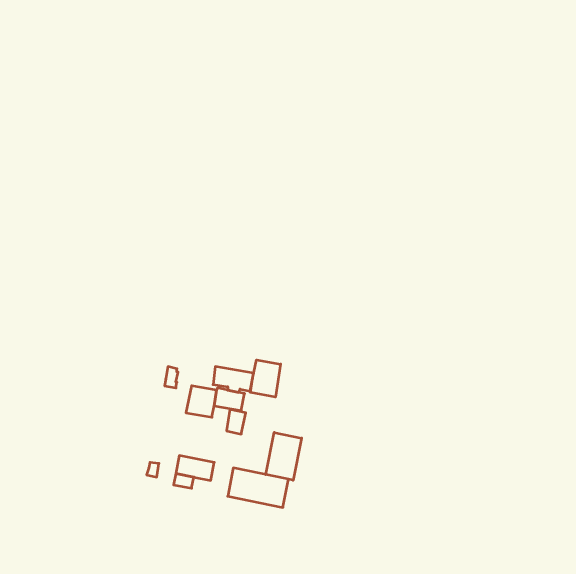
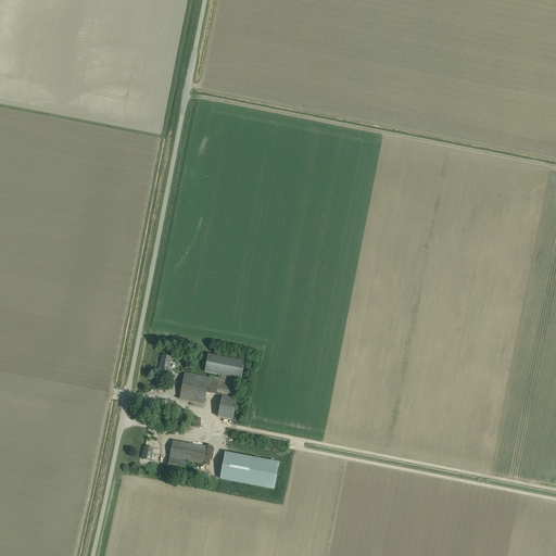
building: [250,360,281,397] -> none
building: [266,432,302,480] -> none

